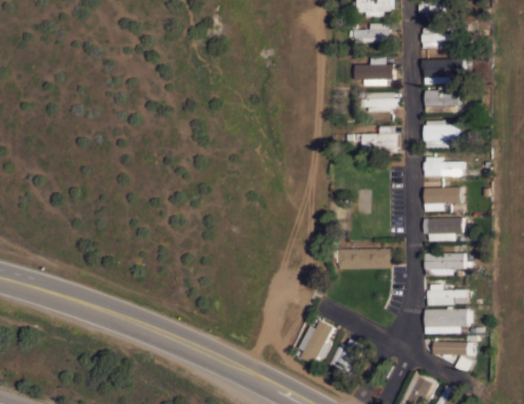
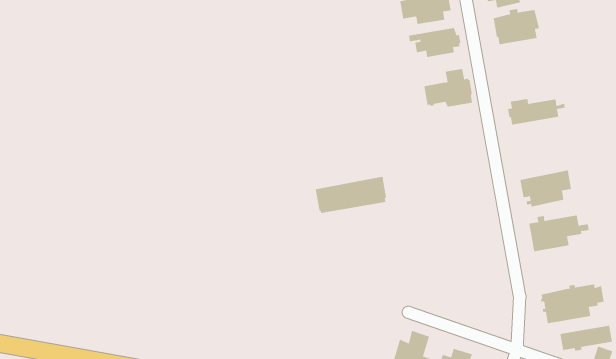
building: [423,120,461,146] -> none
building: [424,189,464,211] -> none
building: [338,248,392,268] -> [315,176,387,214]
building: [428,283,468,304] -> none

